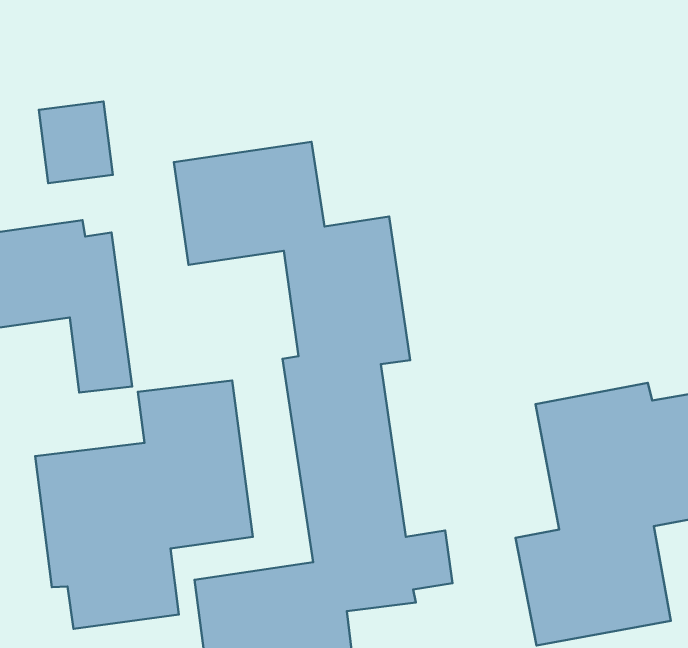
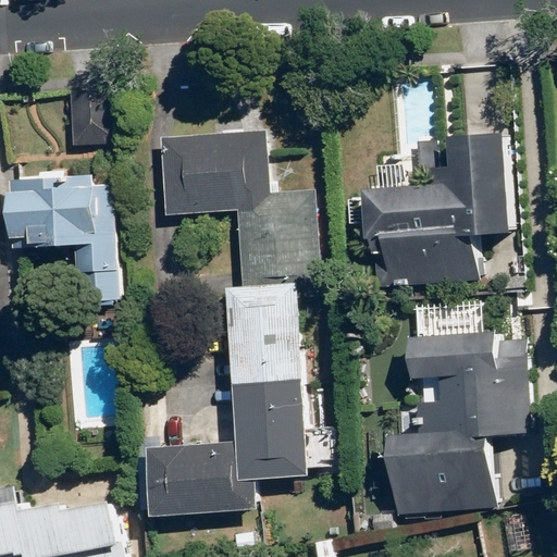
building: none -> [368,136,516,287]
building: [35,381,253,629] -> none

